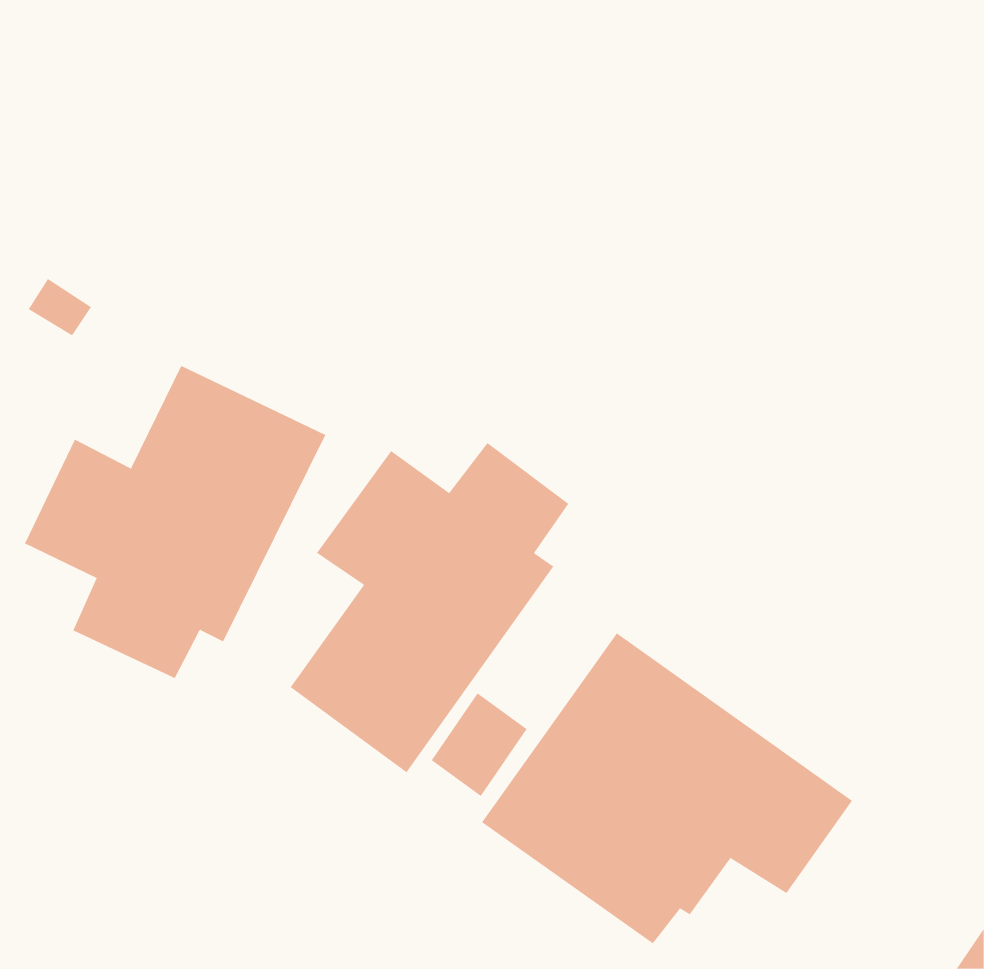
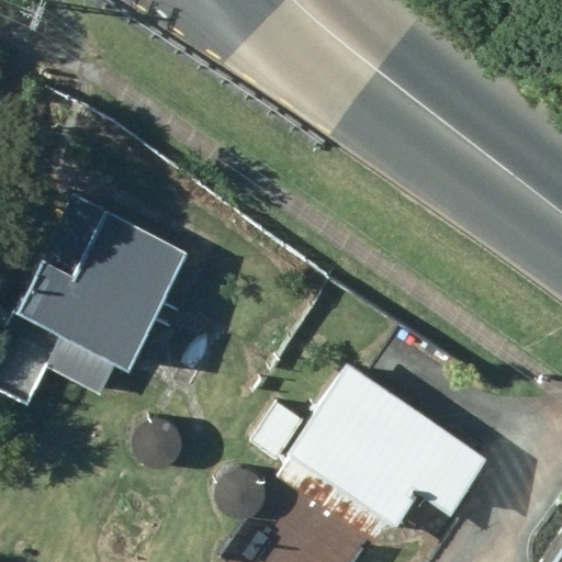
building: [290,442,569,773] -> none

